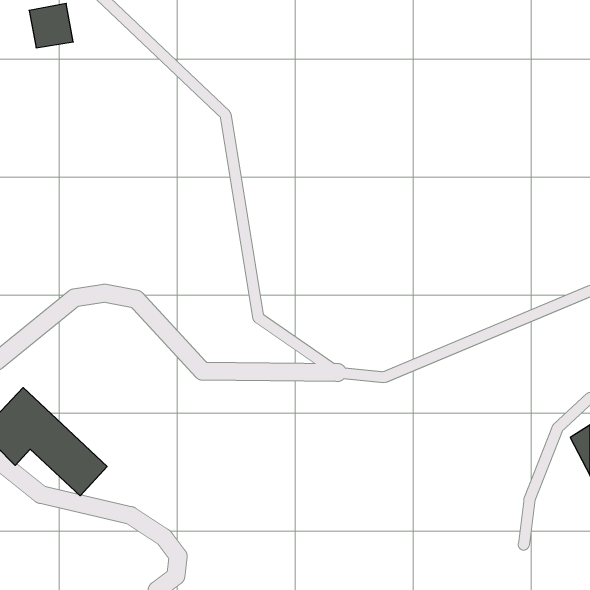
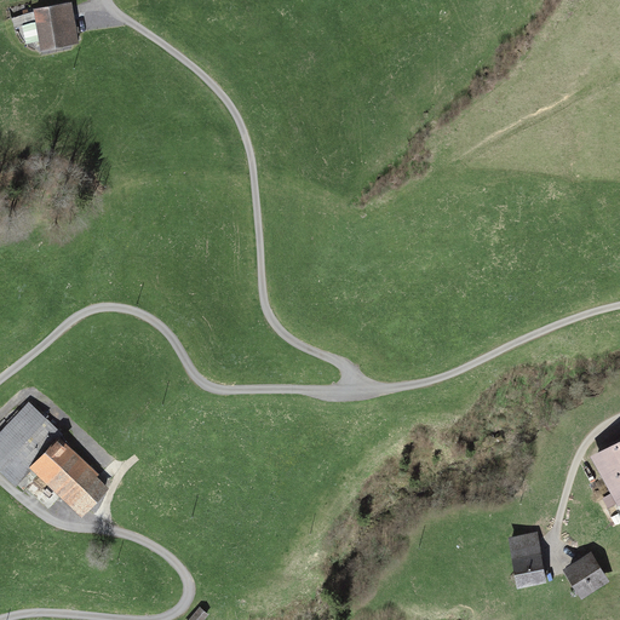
building: none -> [507,530,545,586]
building: none -> [562,553,605,597]

